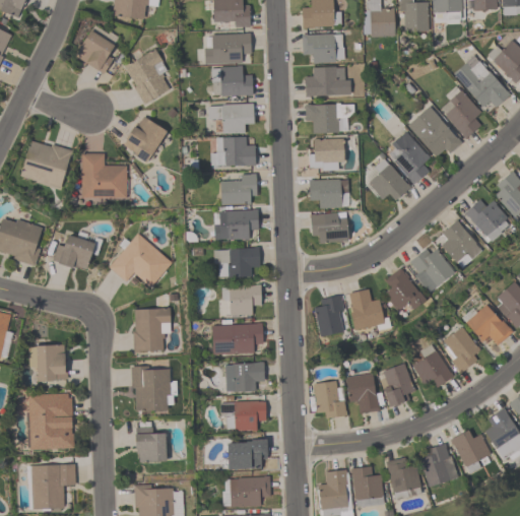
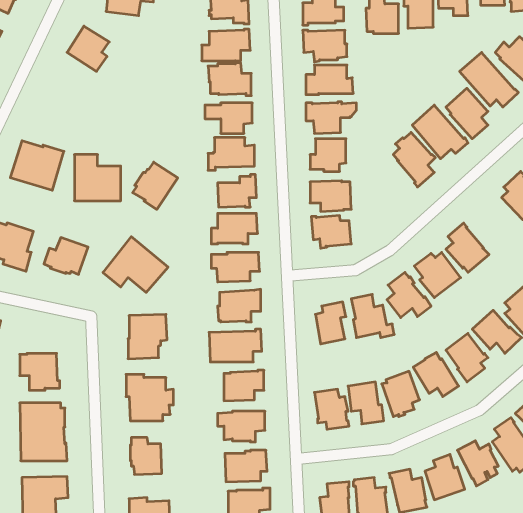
building: [125,48,170,105] -> none
building: [124,116,168,162] -> [133,162,178,209]
building: [366,158,411,200] -> none
building: [465,199,509,241] -> none

